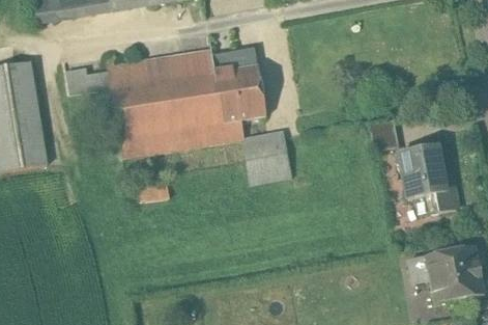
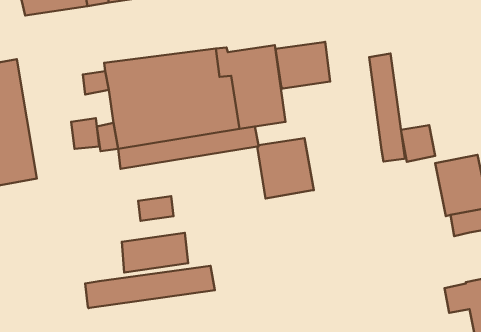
building: none -> [275,42,330,89]
building: none -> [369,54,405,161]
building: [65,66,90,93] -> [71,118,99,149]
building: none -> [122,233,188,273]
building: none -> [85,266,215,308]

